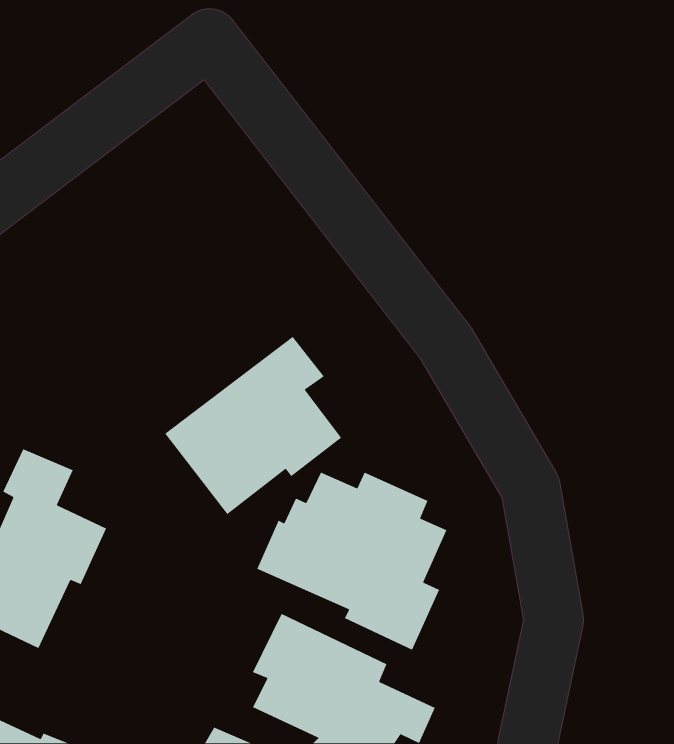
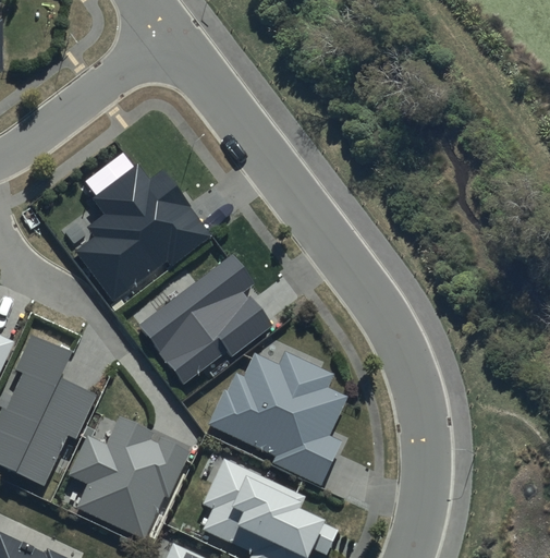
building: none -> [73,162,215,303]
building: none -> [68,415,190,538]

